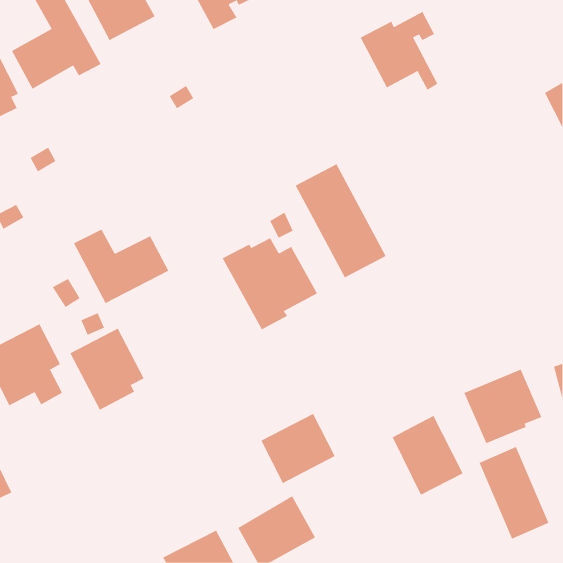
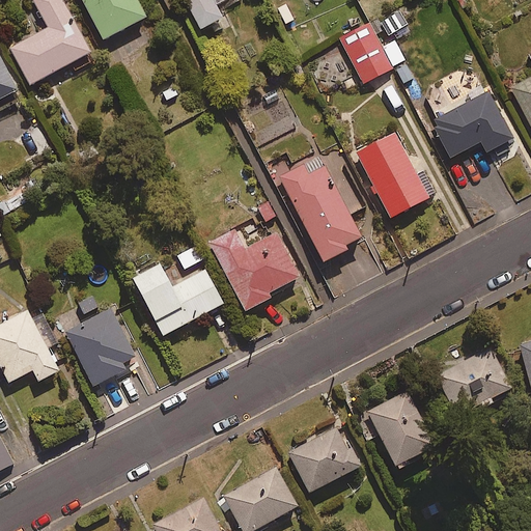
building: none -> [428,90,511,158]
building: none -> [357,132,427,217]
building: [73,229,169,304] -> [133,263,223,334]
building: [260,413,335,484] -> [288,426,359,493]
building: [479,446,549,539] -> none

